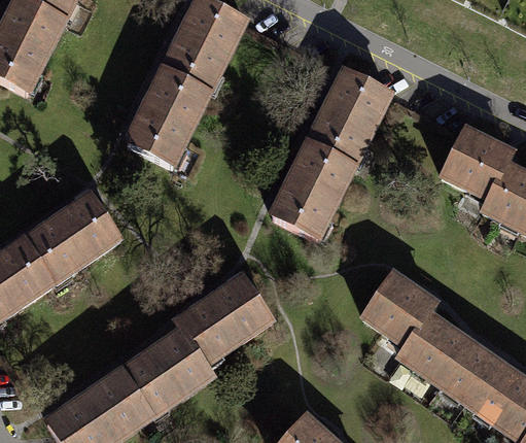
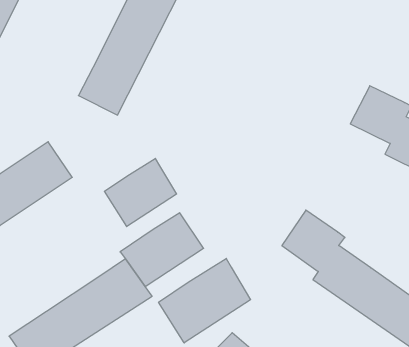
building: [271,69,388,237] -> none
building: none -> [104,158,177,227]
building: none -> [159,258,251,343]

